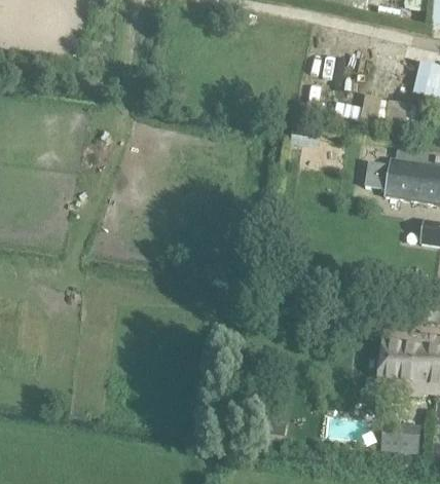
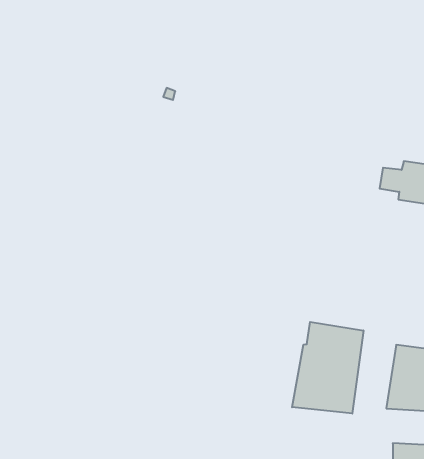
building: none -> [292,322,363,414]

